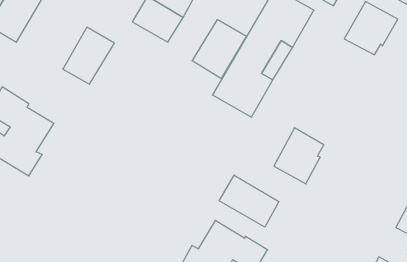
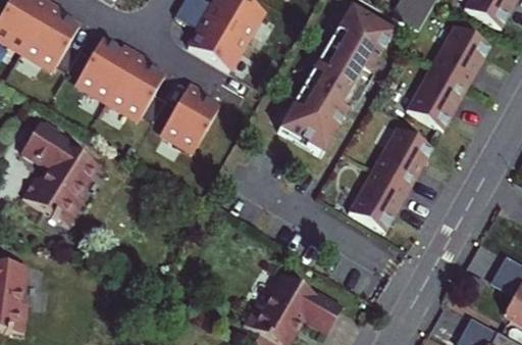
building: none -> [75,35,136,101]
building: [192,20,246,78] -> [161,85,223,152]
building: none -> [407,66,465,129]
building: none -> [373,127,433,188]
building: [219,175,279,227] -> none

